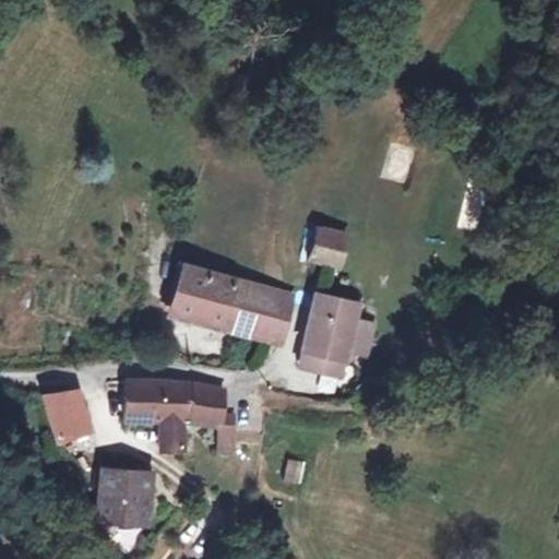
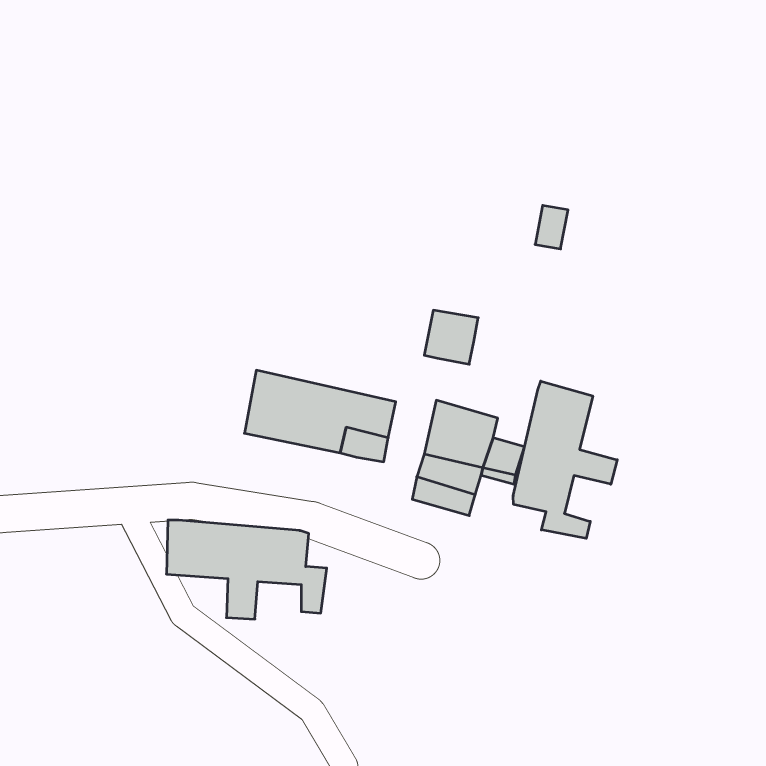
building: none -> [513,381,617,538]
building: [41,385,83,440] -> none
building: [97,467,151,522] -> none

